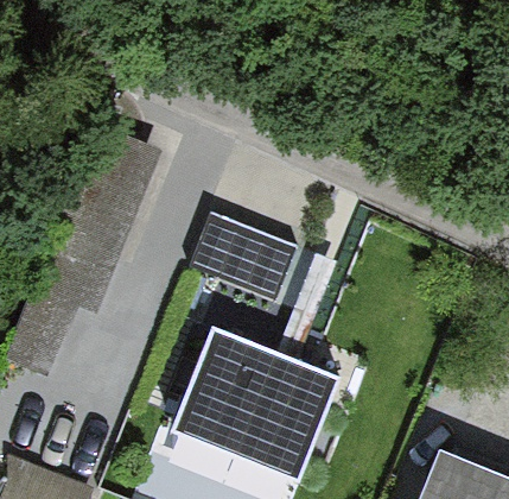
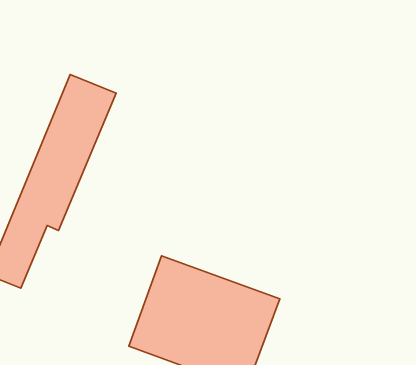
building: [187,213,299,303] -> none

